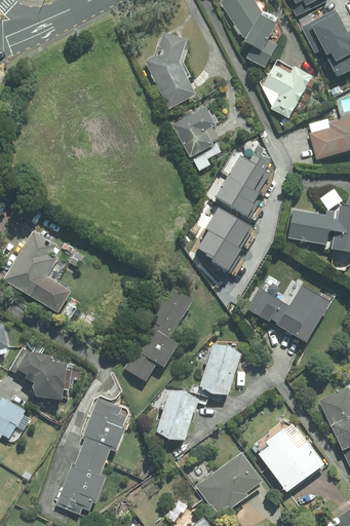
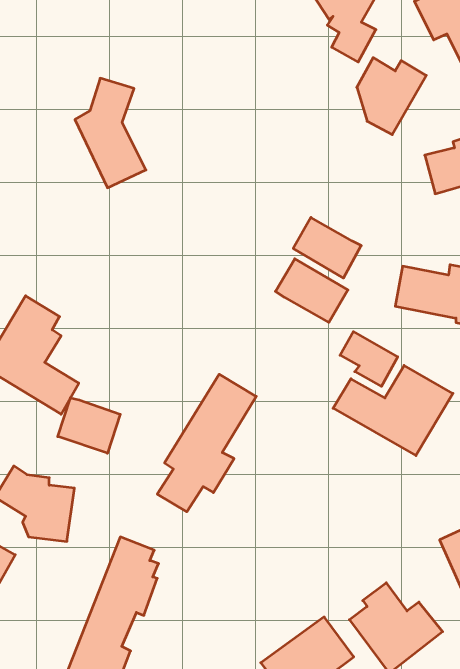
building: [146,32,195,108] -> [75,78,146,188]
building: [172,107,215,156] -> none
building: [231,152,273,192] -> none
building: [203,231,243,269] -> [340,332,398,386]
building: none -> [58,398,120,453]
building: [199,342,241,397] -> none
building: [157,389,197,440] -> none

